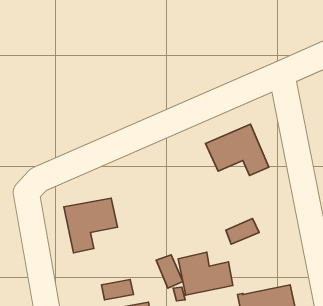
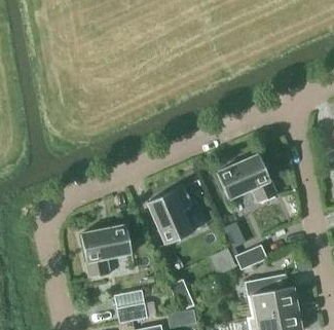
building: none -> [147,186,192,245]
building: [178,252,233,295] -> [245,277,297,318]

